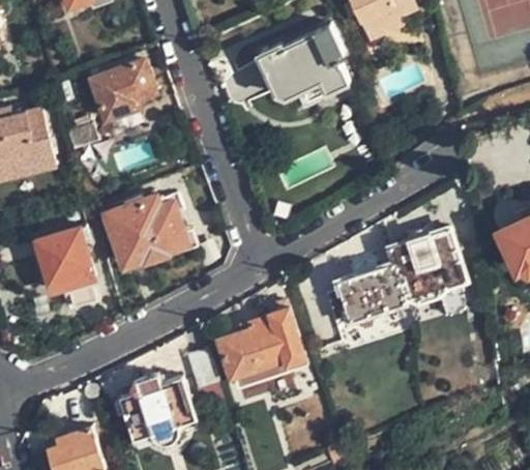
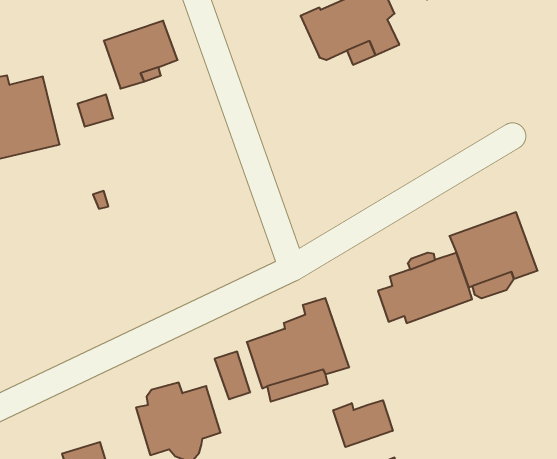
building: [107,197,184,266] -> none
building: [34,228,97,309] -> none
building: none -> [333,400,393,447]

